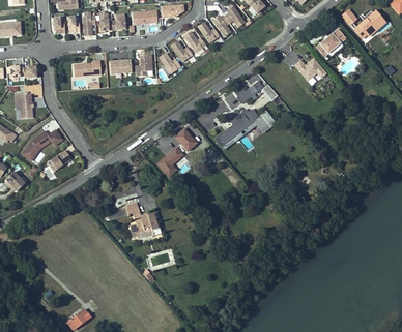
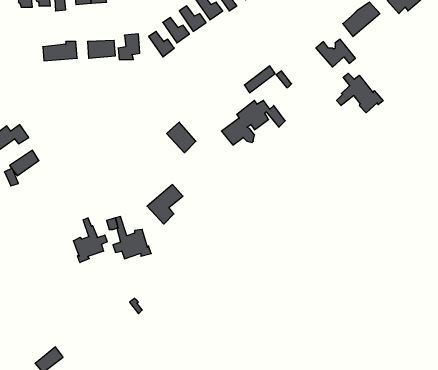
building: none -> [337,73,383,113]
building: [155,145,184,177] -> [147,185,183,224]
building: none -> [73,218,107,263]

